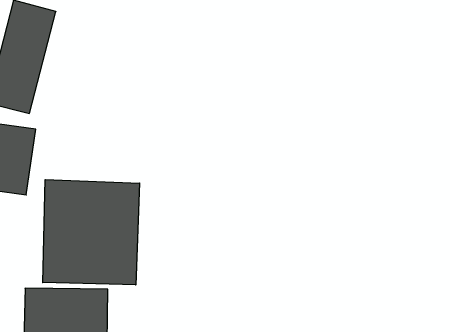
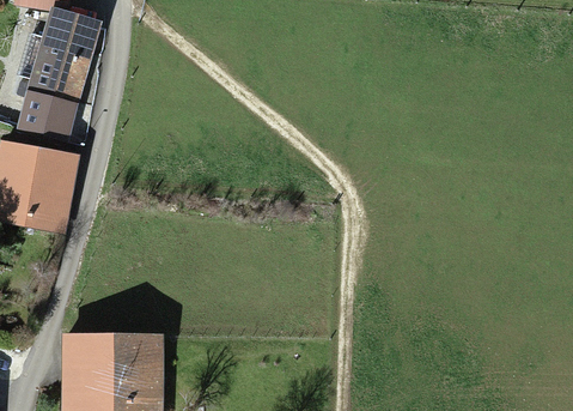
building: [43,180,140,285] -> none

